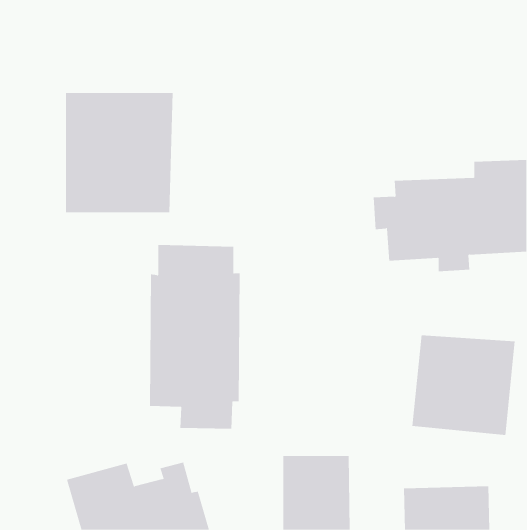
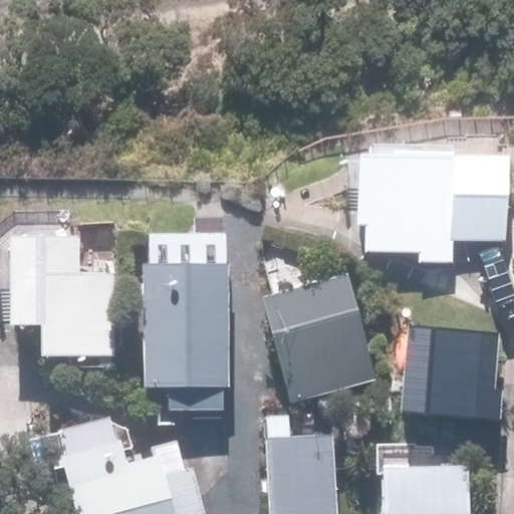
building: [65,92,173,213] -> none
building: none -> [12,240,112,357]
building: none -> [264,276,370,402]

